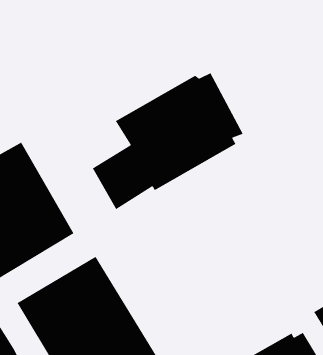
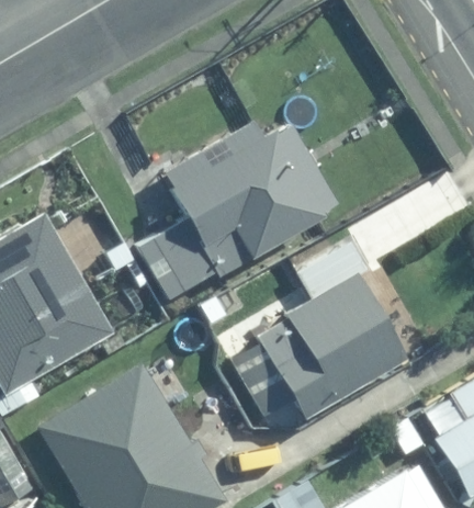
building: none -> [228,241,405,417]

